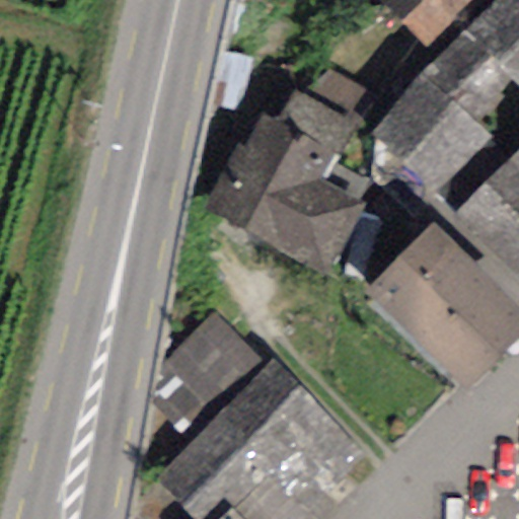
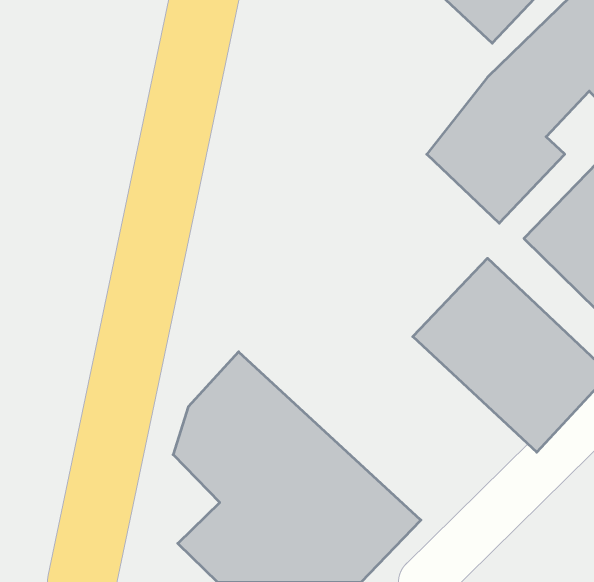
building: [209,84,371,270] -> none

